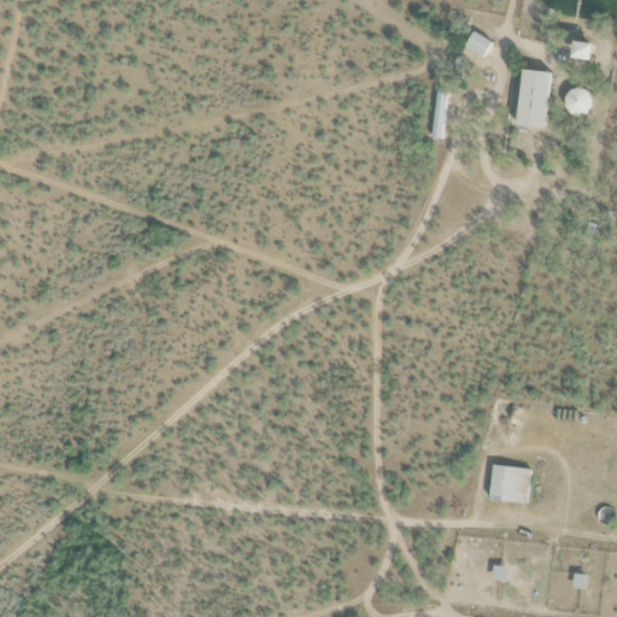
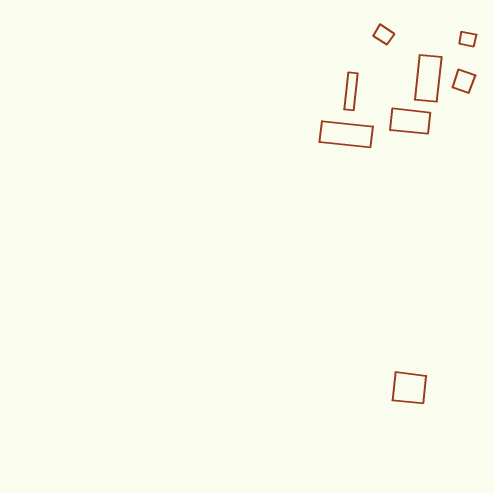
building: none -> [390,108,430,134]
building: none -> [319,121,373,147]

